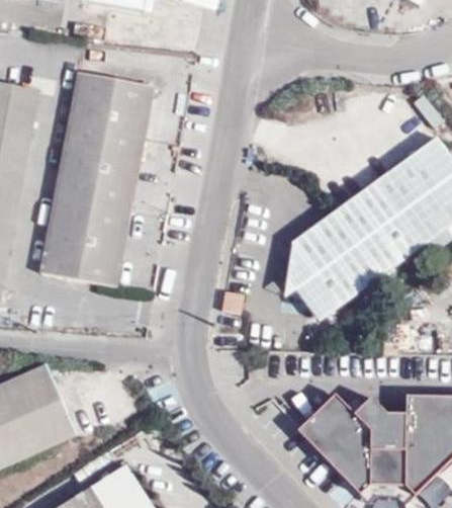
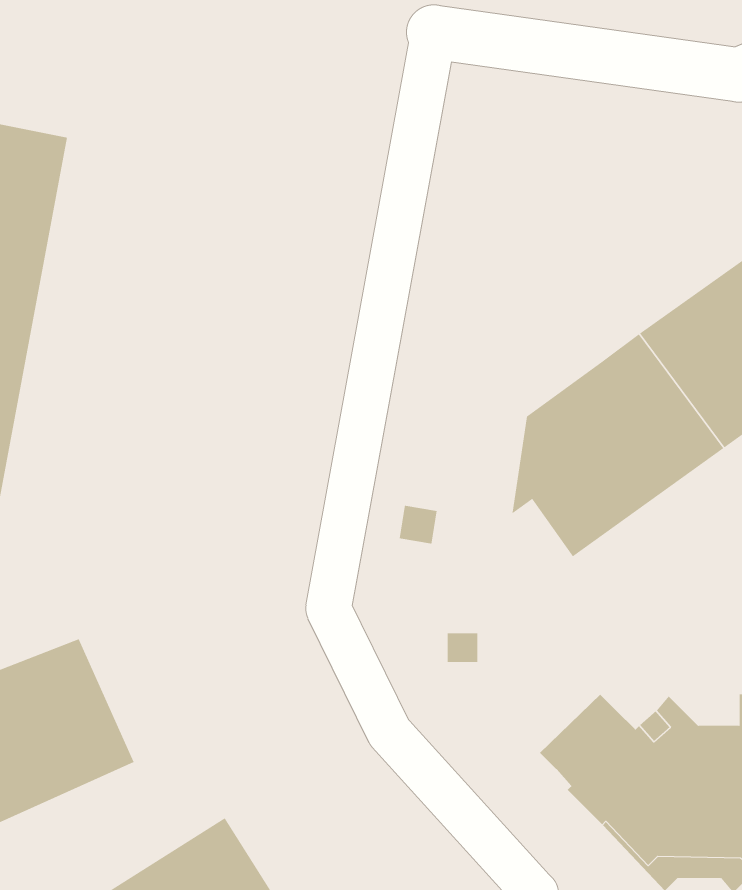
building: [40,71,153,284] -> none

